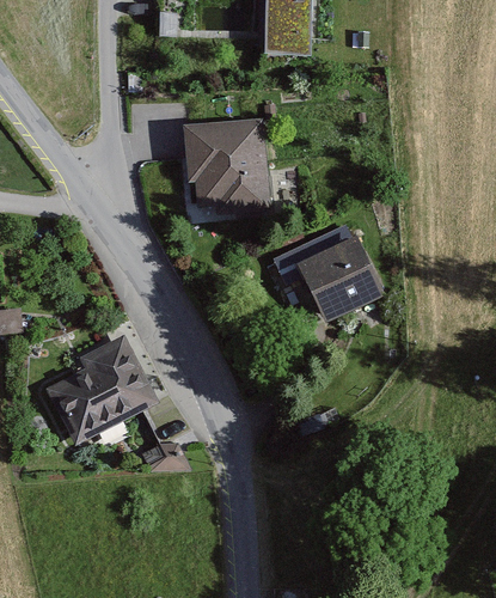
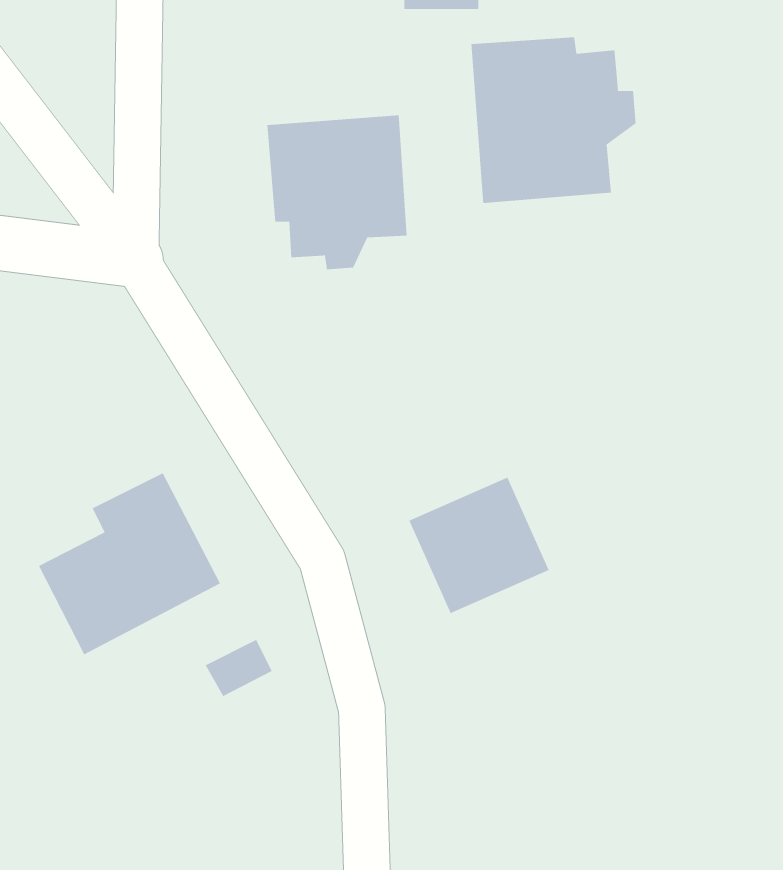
building: none -> [471,37,636,204]
building: [296,238,381,321] -> [408,477,549,614]

